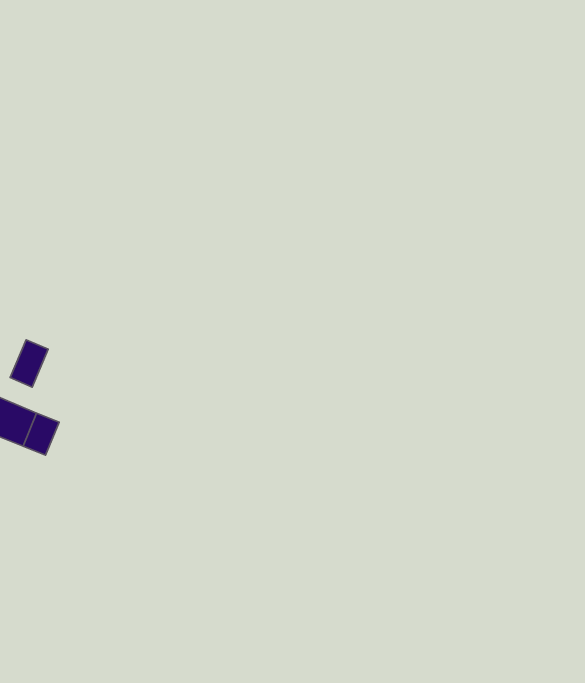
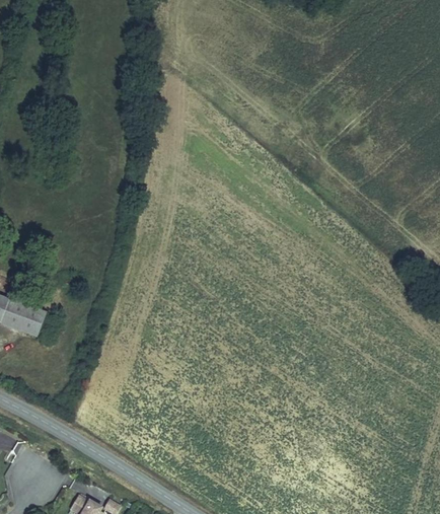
building: [10,340,48,387] -> none

